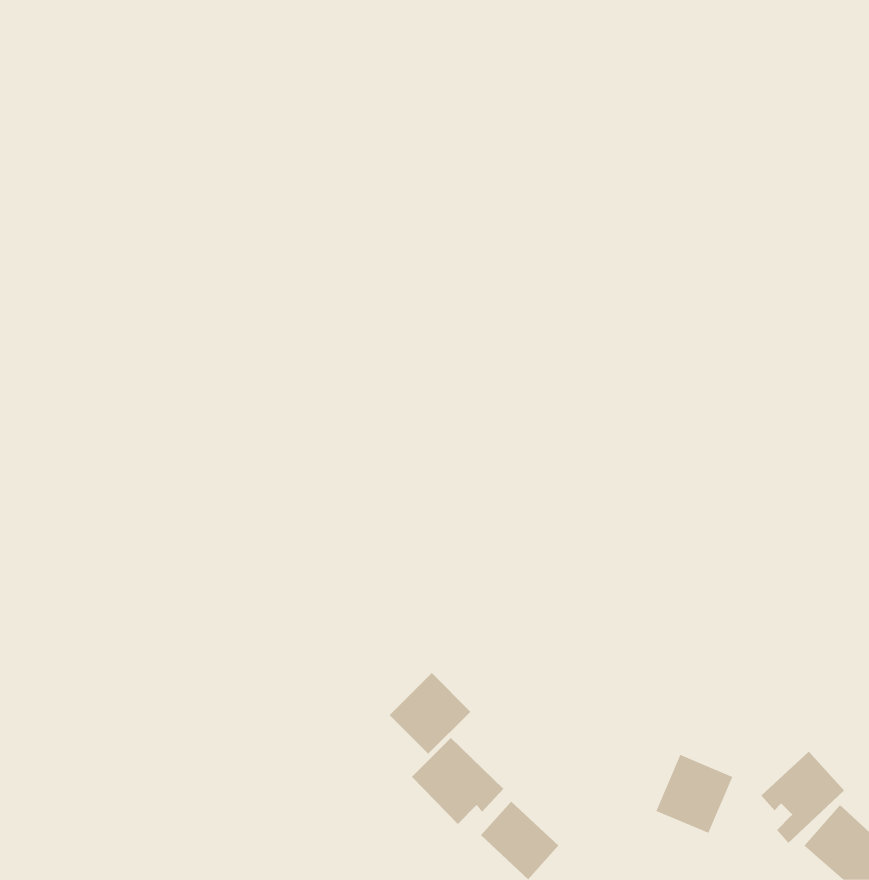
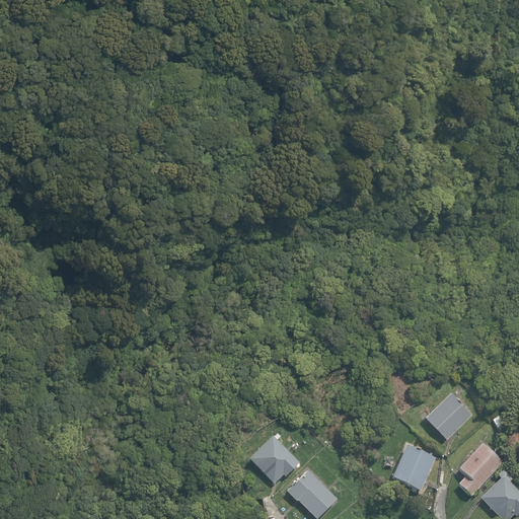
building: none -> [425,390,475,441]
building: [389,672,471,755] -> none

